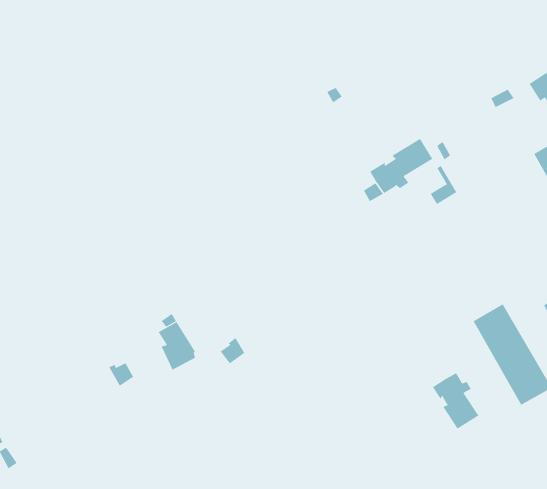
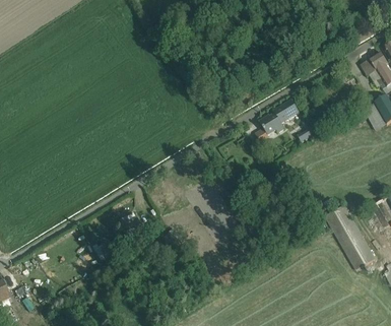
building: [432,372,479,429] -> none

